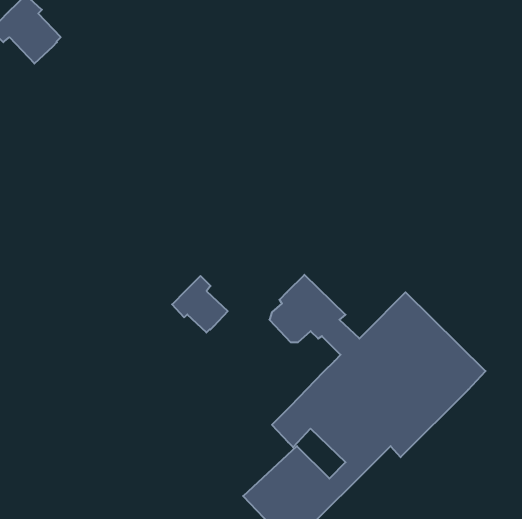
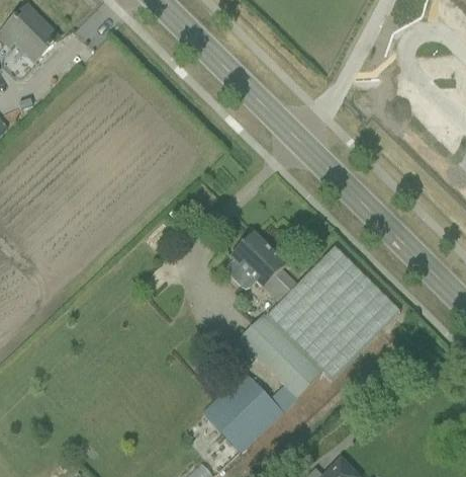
building: [172,276,228,333] -> none

